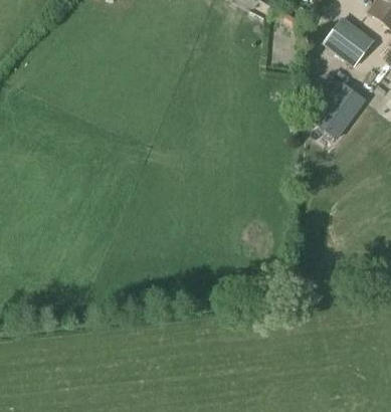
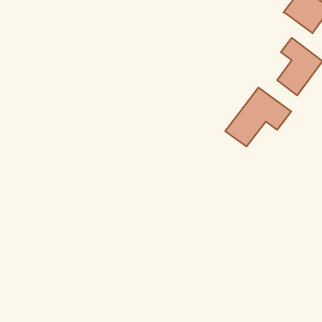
building: none -> [225,87,291,147]

